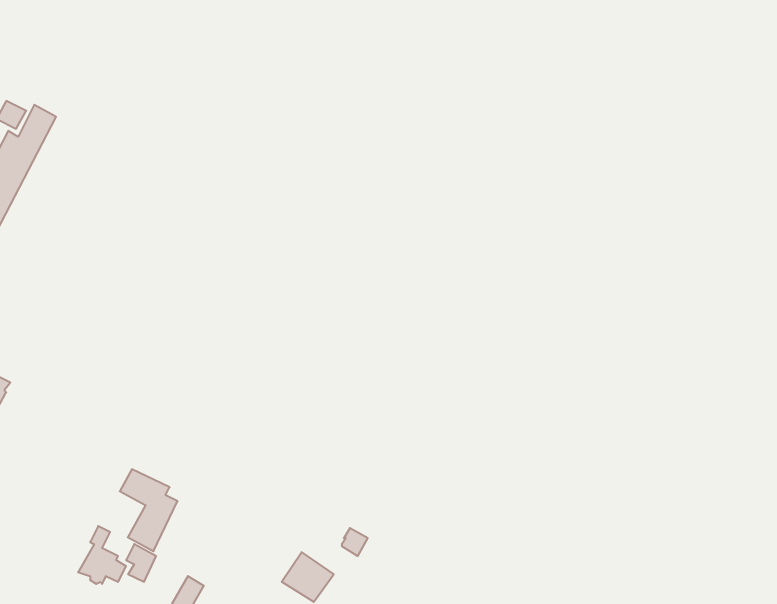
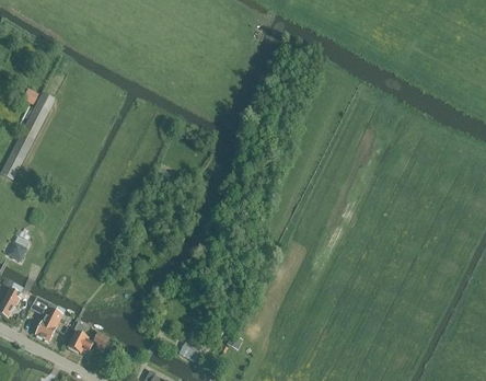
building: [120,469,178,551] -> [31,297,62,342]

